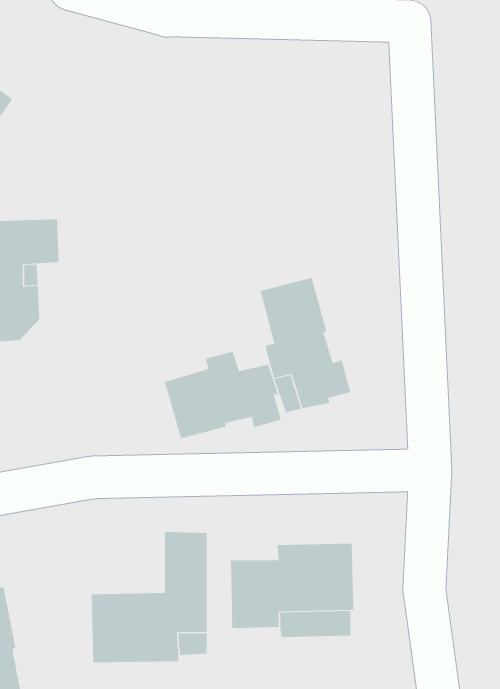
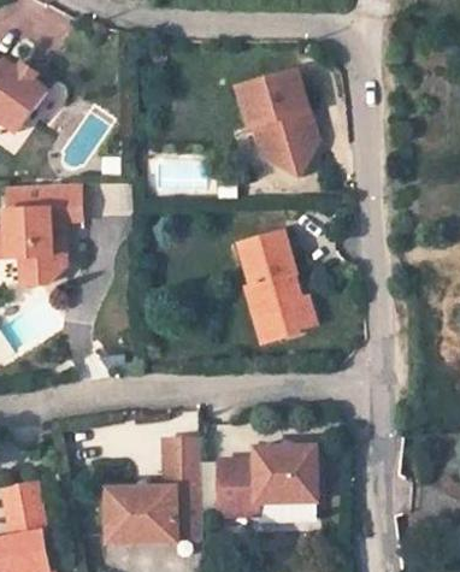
building: none -> [231,64,311,173]
building: [164,351,281,439] -> none

